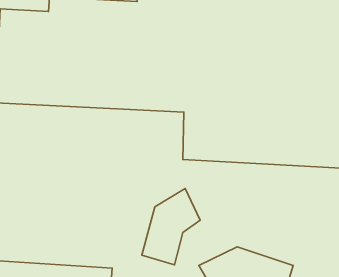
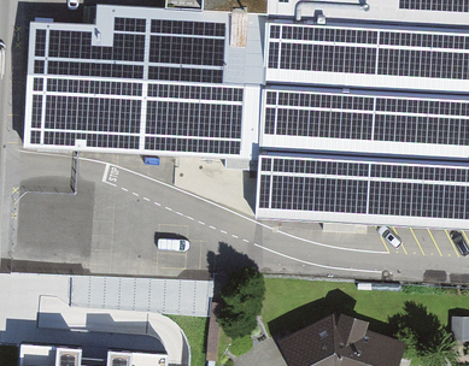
building: [142,188,200,265] -> none

